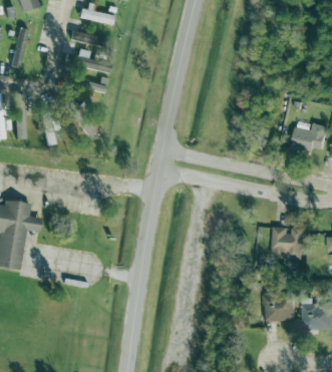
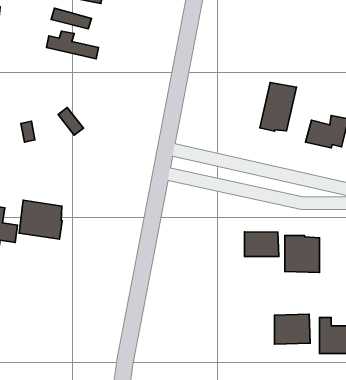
building: none -> [260,83,297,131]
building: none -> [19,200,62,239]
building: none -> [244,232,279,256]

